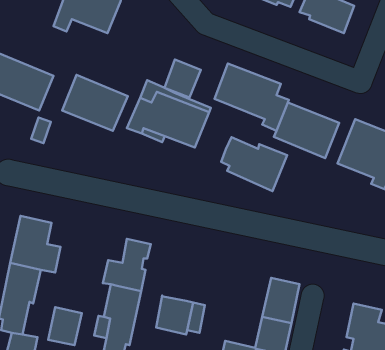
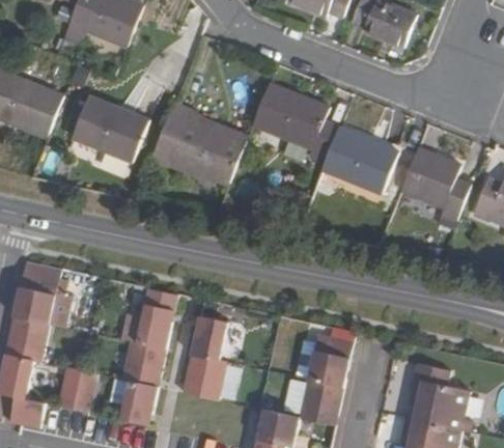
building: [164,60,201,98] -> none
building: [221,137,287,191] -> none
building: none -> [191,317,227,361]

